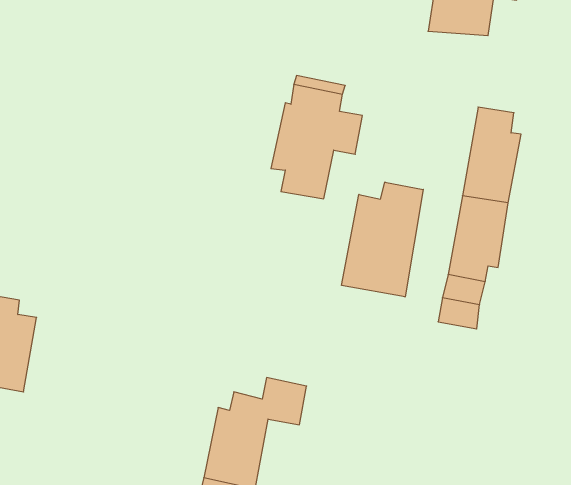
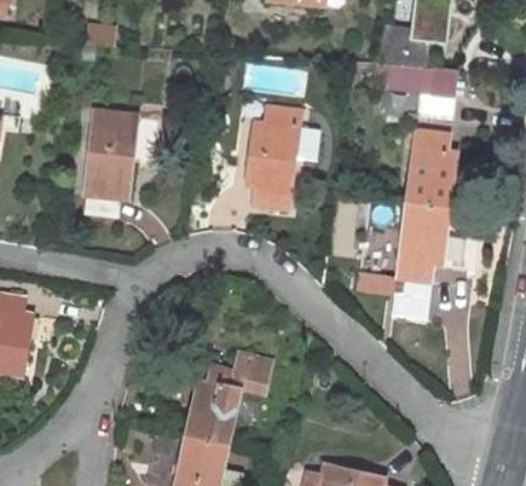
building: none -> [372,63,456,116]
building: none -> [82,112,133,216]
building: [342,182,423,297] -> none

